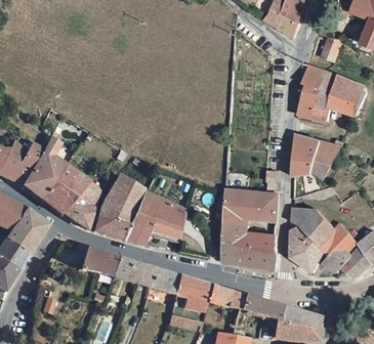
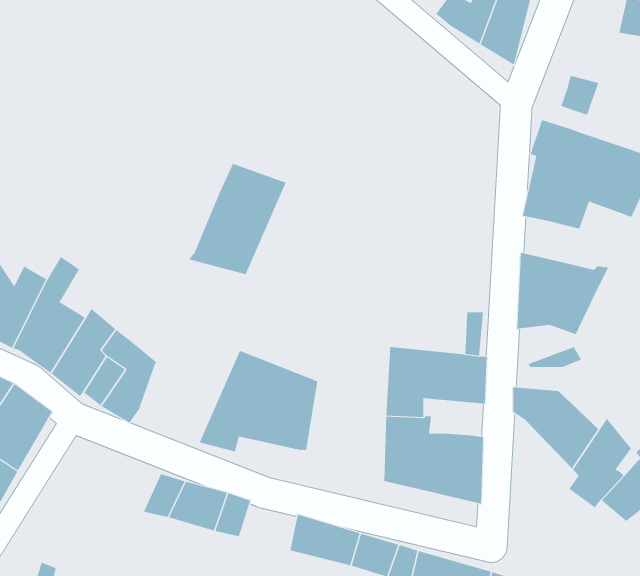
building: [96,178,149,238] -> [188,163,286,275]
building: [292,225,326,271] -> none
building: [81,249,107,274] -> none
building: [149,268,179,295] -> none

